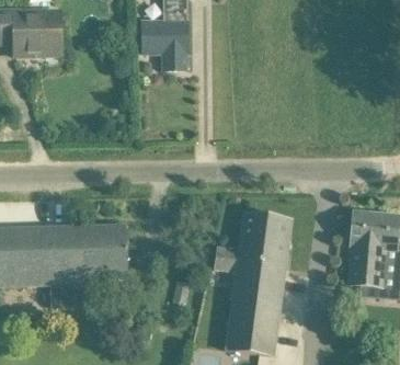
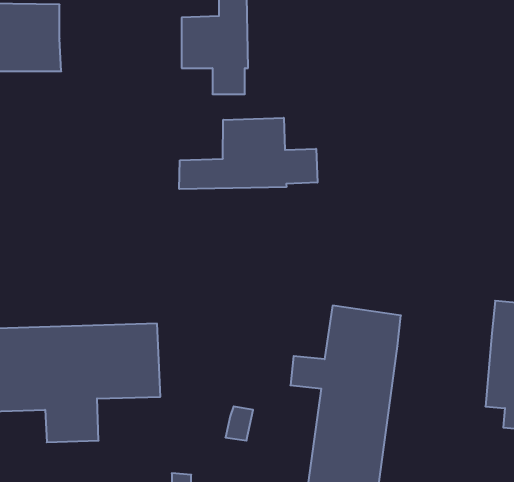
building: none -> [179,118,317,189]

